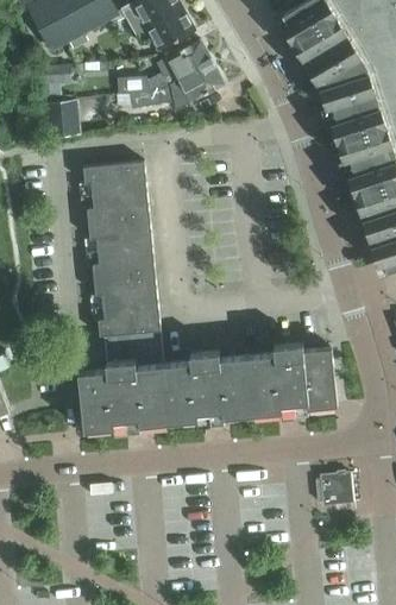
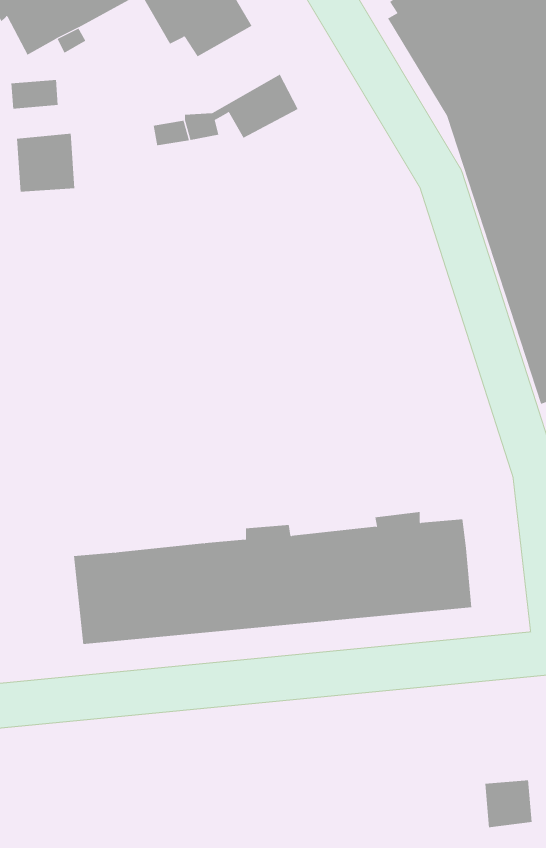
building: [145,40,210,88] -> none
building: [80,162,162,370] -> none
building: [319,474,350,505] -> [484,780,532,828]

